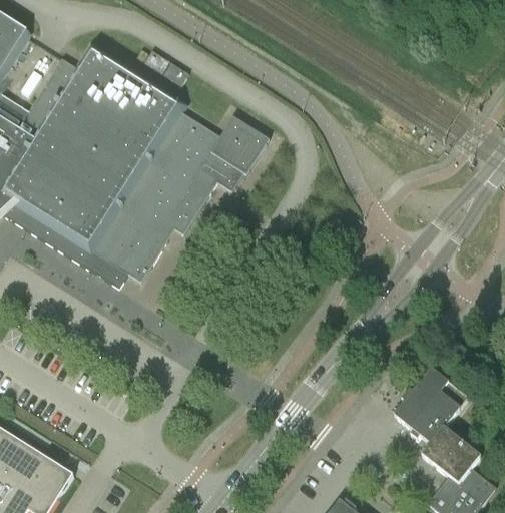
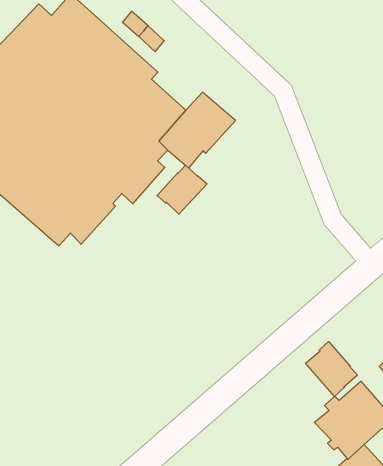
building: none -> [157,165,207,214]
building: none -> [306,342,357,397]

